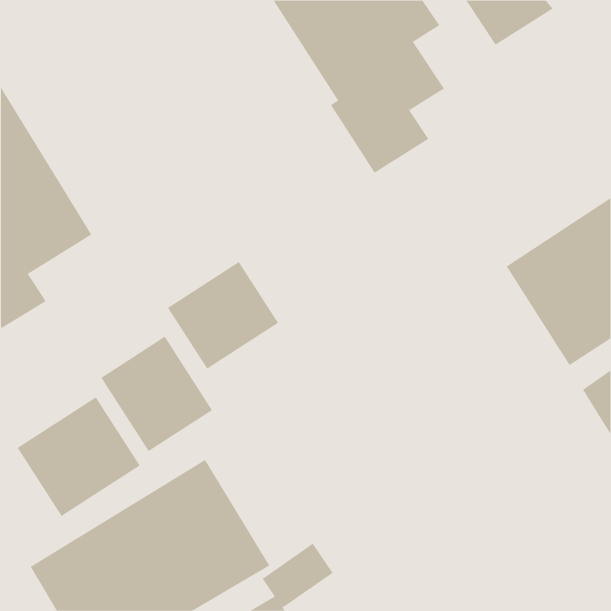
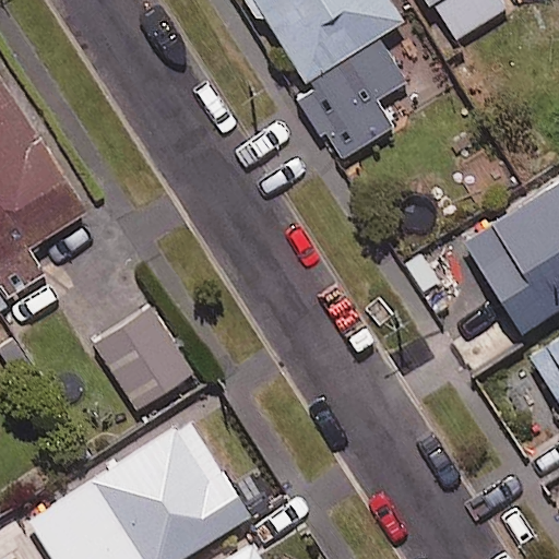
building: [167,261,279,370] -> none
building: [17,396,141,517] -> none

